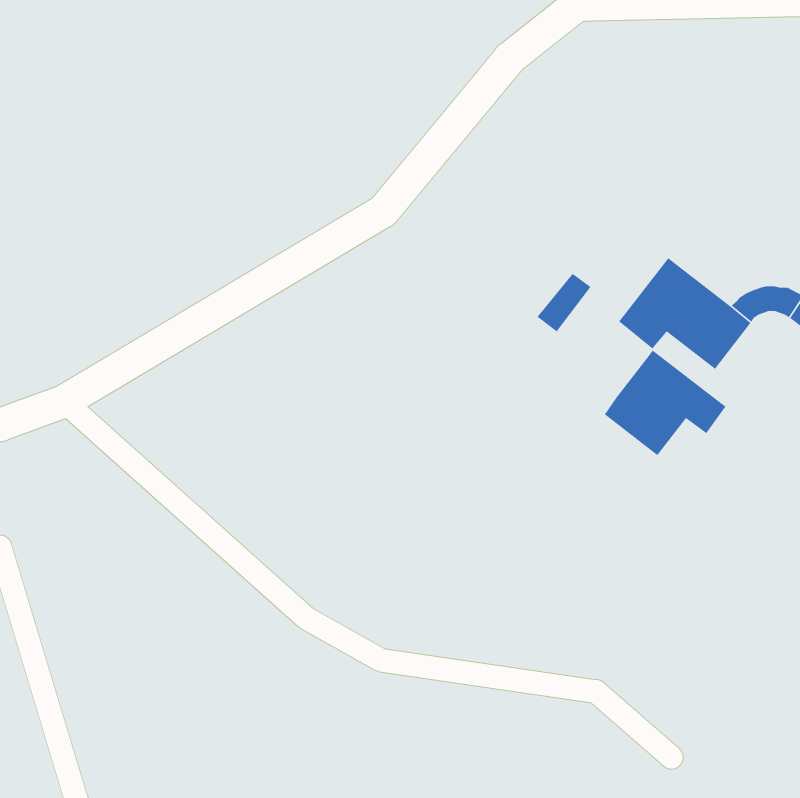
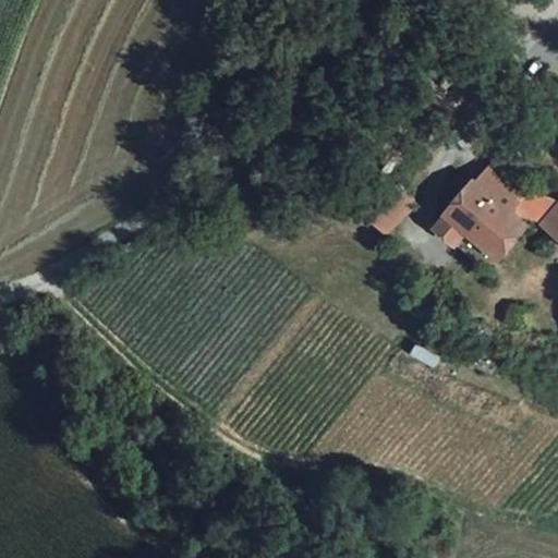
building: none -> [471,162,523,215]
building: [604,350,726,456] -> none

